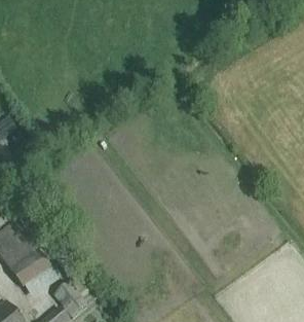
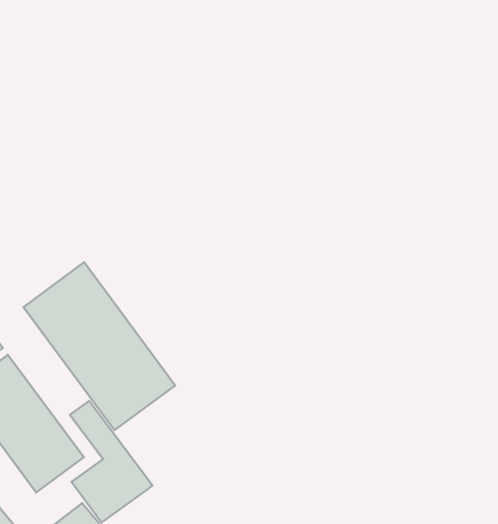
building: none -> [23,262,175,430]

